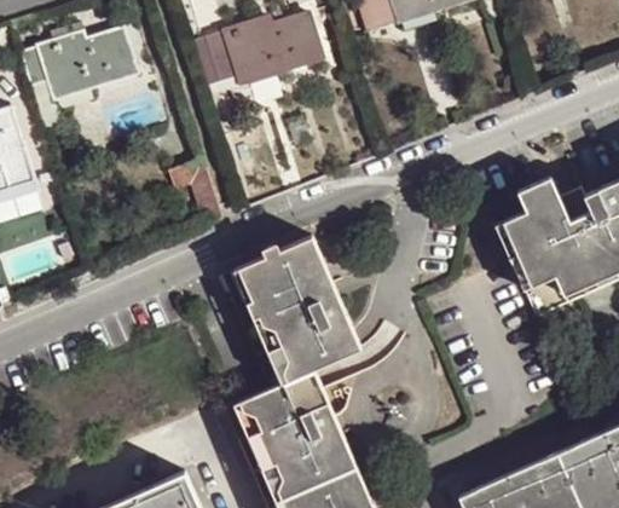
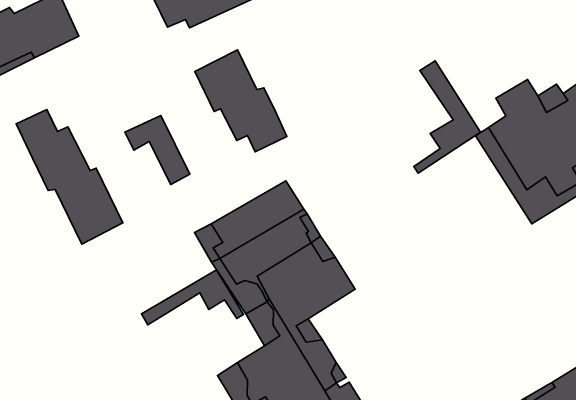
building: none -> [195,50,287,152]
building: none -> [16,109,123,244]
building: none -> [414,61,481,173]
building: none -> [141,270,244,325]

